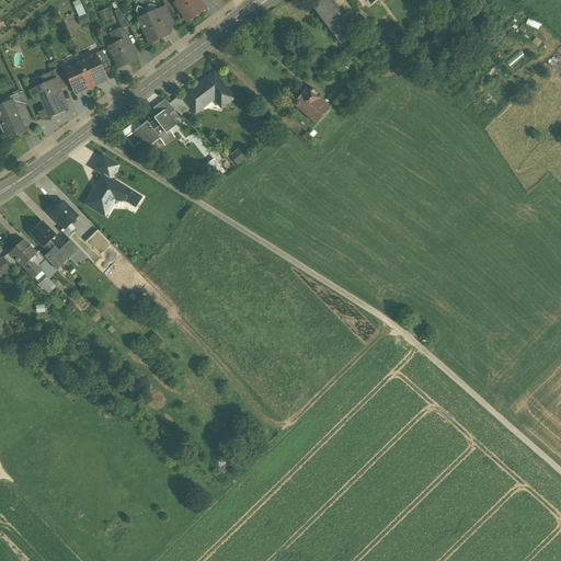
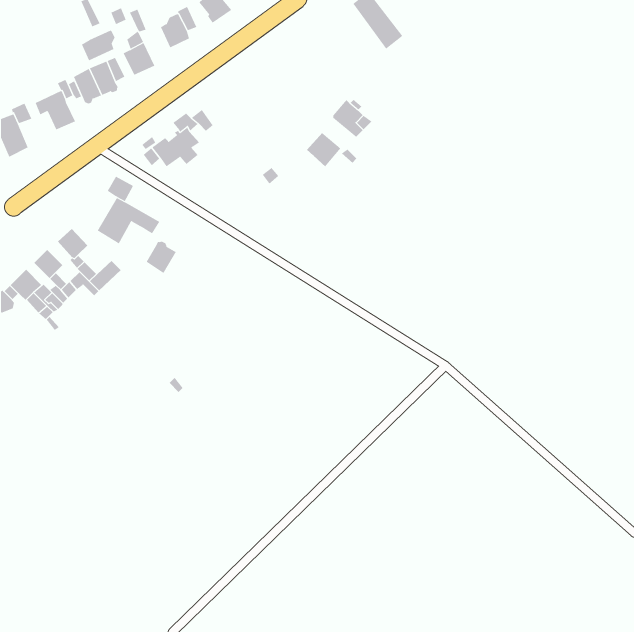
building: none -> [81,30,115,61]
building: [183,72,233,113] -> none
building: none -> [306,132,341,167]
building: none -> [146,241,176,274]

